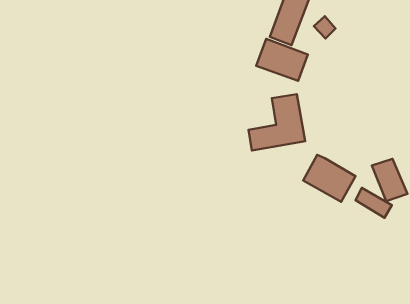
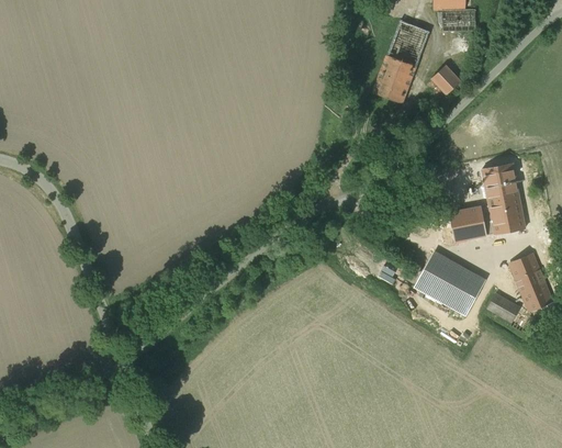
building: [256,39,308,81] -> none
building: [249,94,305,150] -> [453,166,528,240]

